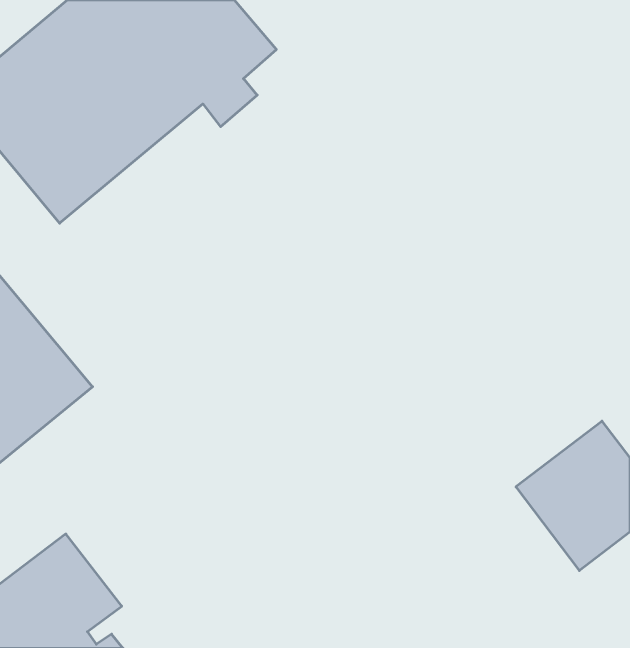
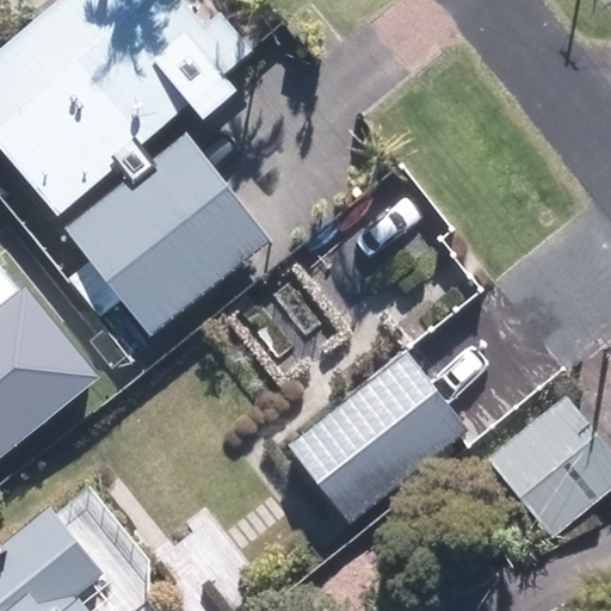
building: none -> [62,131,271,338]
building: none -> [288,354,467,523]

